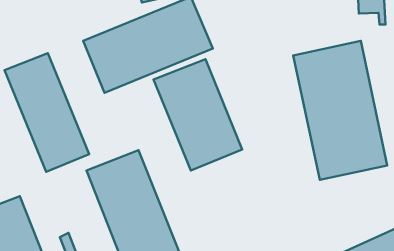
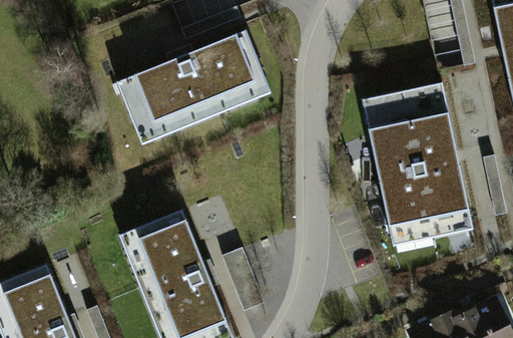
building: [4,53,89,172] -> none
building: [154,59,242,171] -> none

